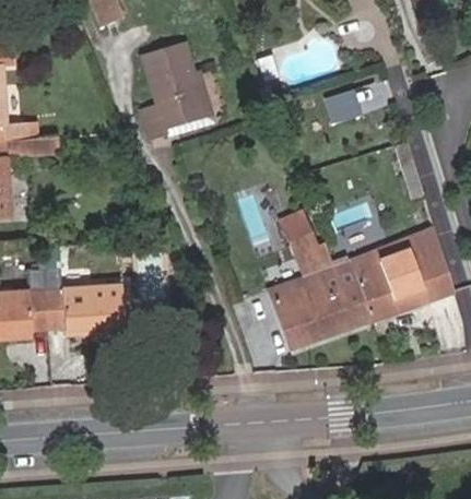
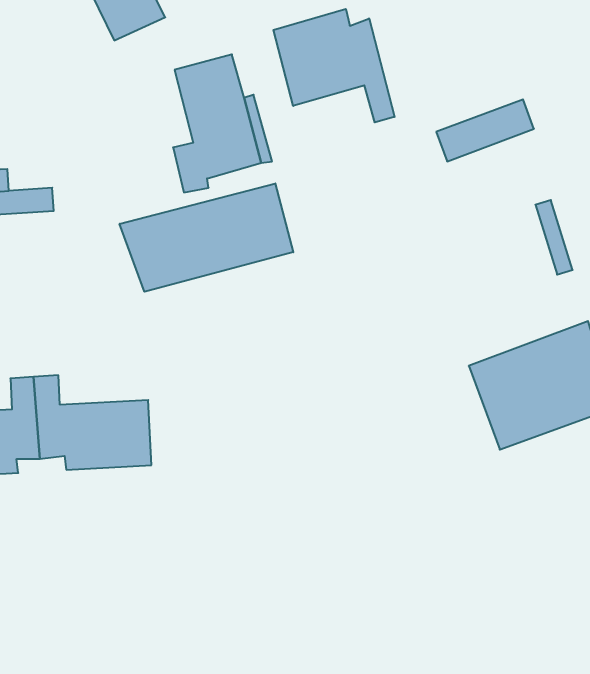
building: none -> [273,9,395,122]
building: none -> [120,183,293,292]
building: [274,216,373,348] -> none

